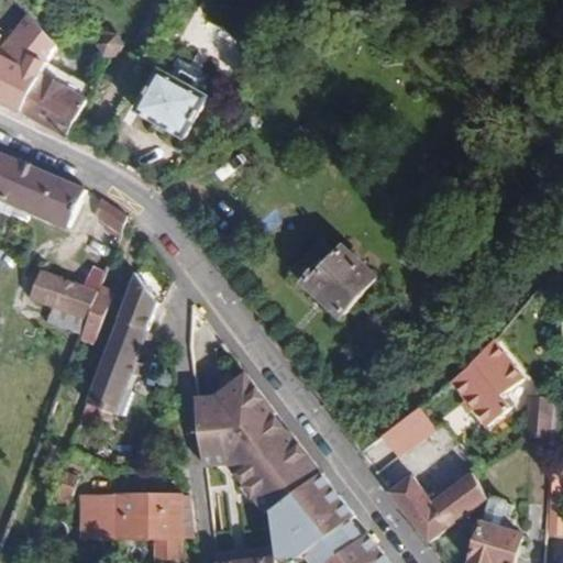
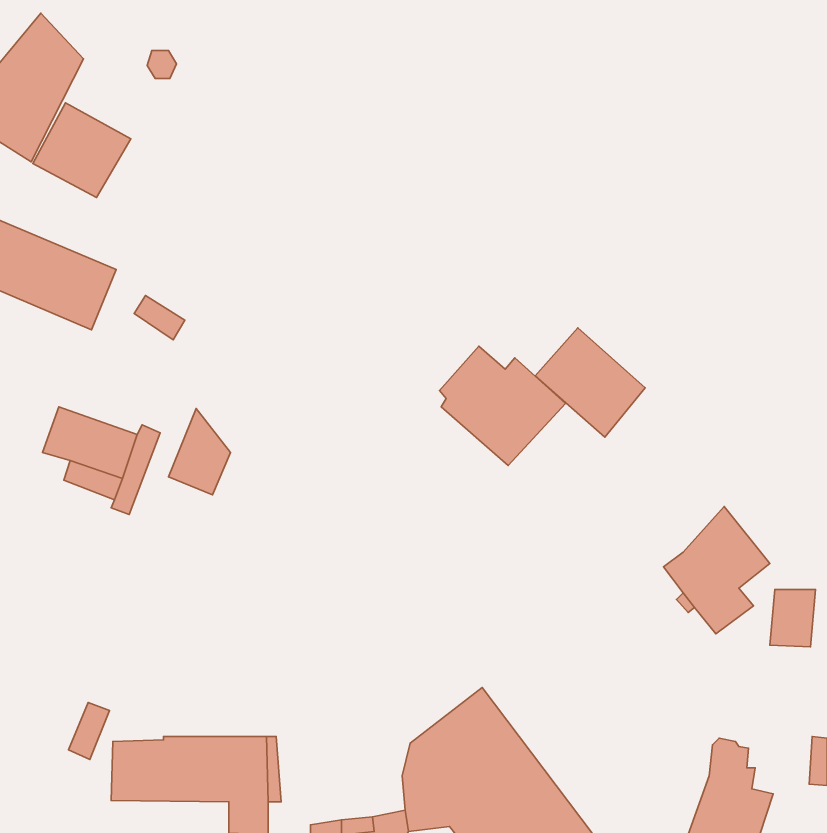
building: [132,64,206,141] -> none
building: none -> [535,328,645,437]
building: [82,322,143,417] -> none
building: [196,367,324,503] -> none
building: [377,410,431,461] -> none
building: [384,474,481,545] -> none

